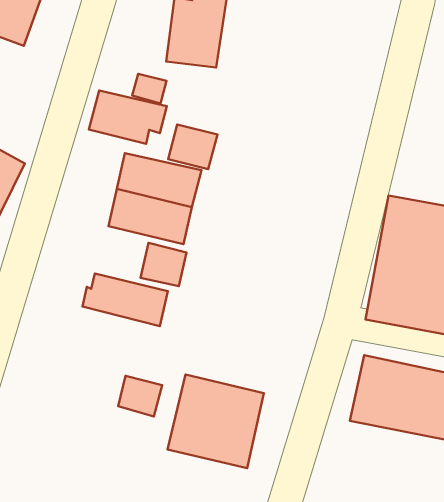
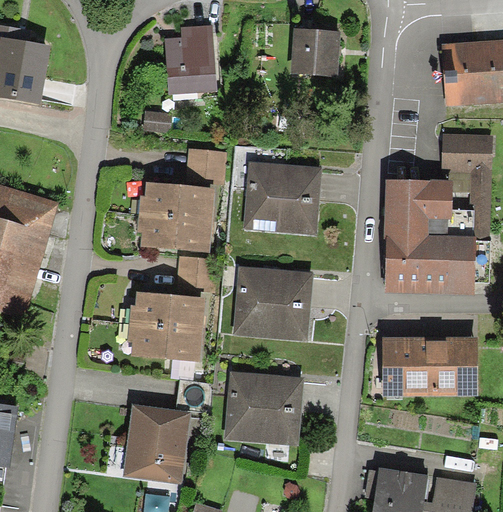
building: none -> [292,30,339,79]
building: [89,91,167,144] -> none
building: none -> [243,161,321,232]
building: none -> [236,265,313,340]
building: none -> [128,324,201,364]
building: none -> [122,406,188,481]

